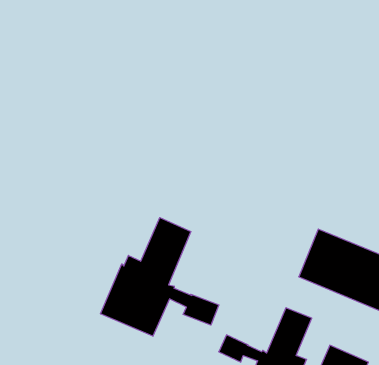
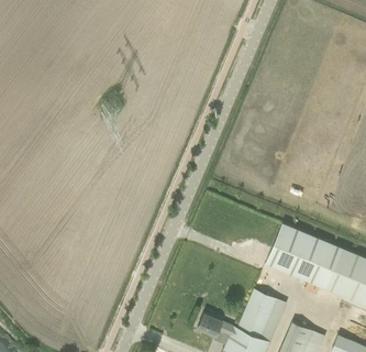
building: [101,218,219,336] -> none

